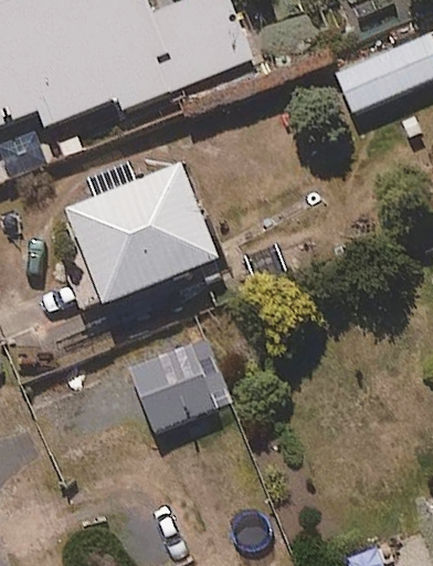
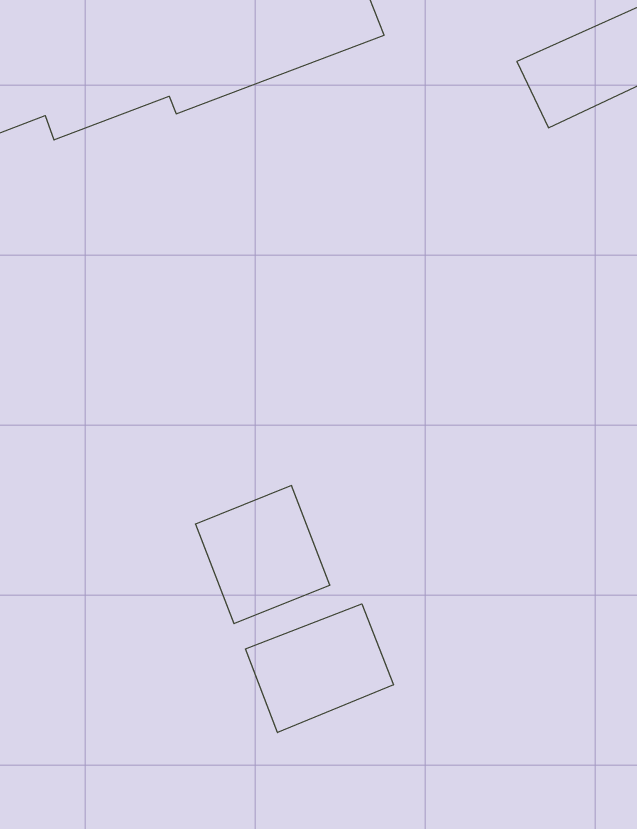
building: [50,160,218,307] -> none
building: none -> [245,604,393,733]

